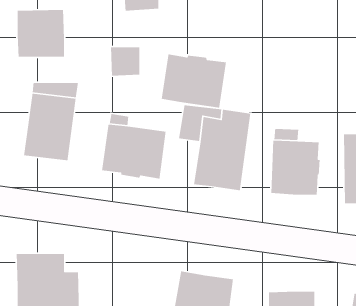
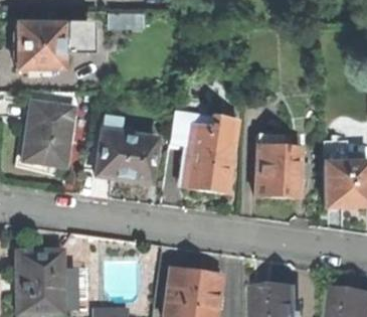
building: [110,46,140,76] -> [61,24,89,52]
building: [161,54,227,108] -> none

